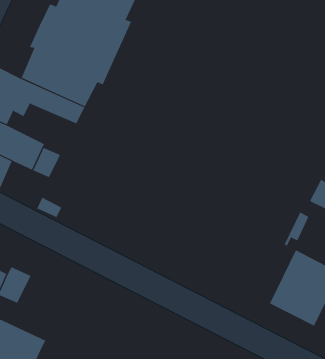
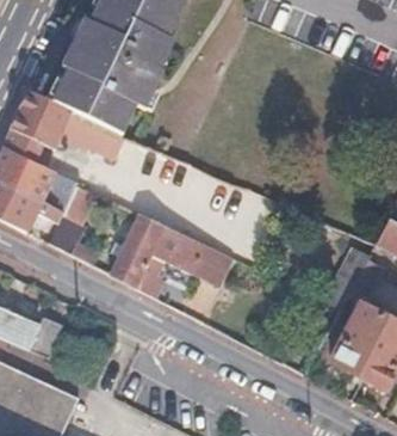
building: none -> [111,211,235,294]

